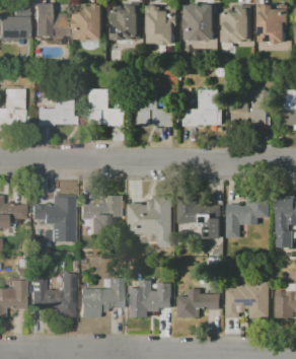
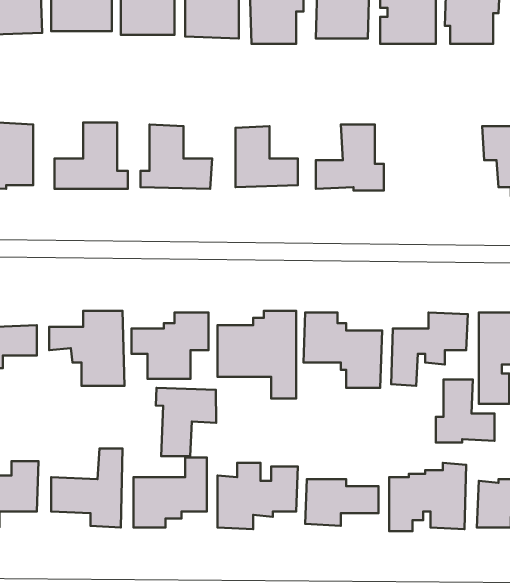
building: [233,90,268,129] -> none
building: none -> [436,379,494,442]
building: none -> [156,388,216,456]

